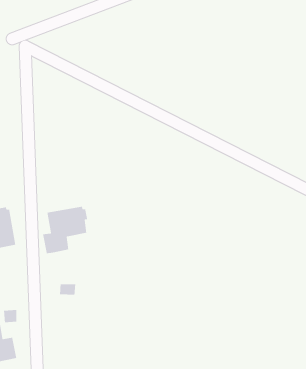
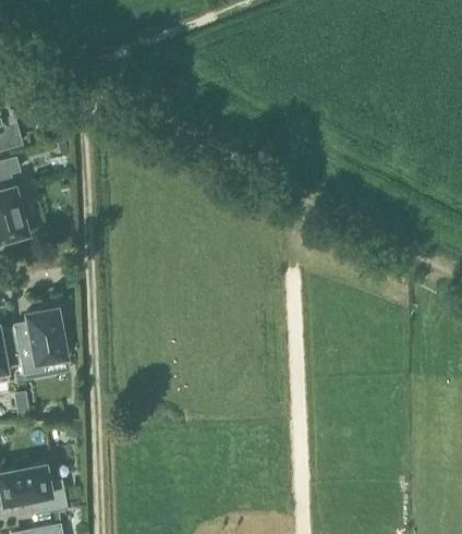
building: [42,206,88,254] -> none

